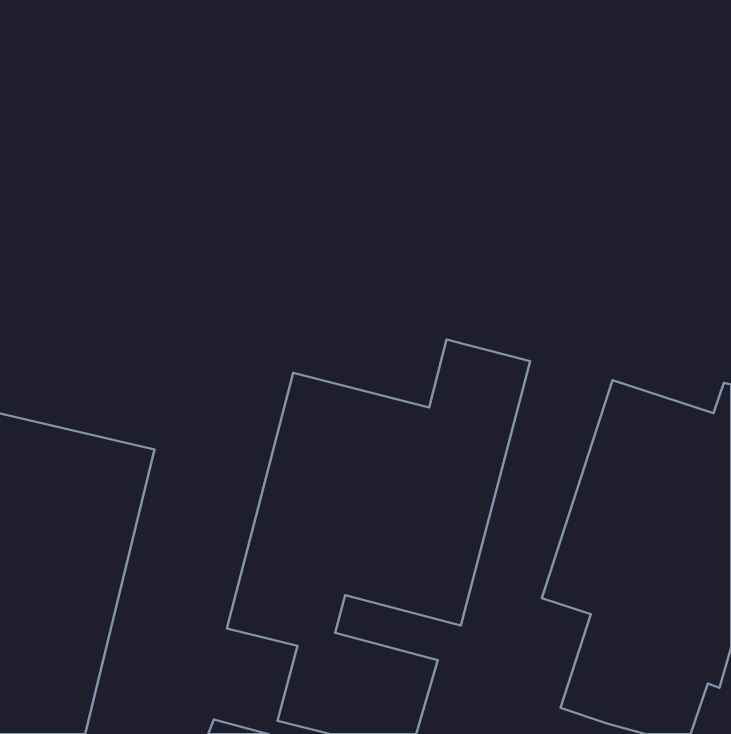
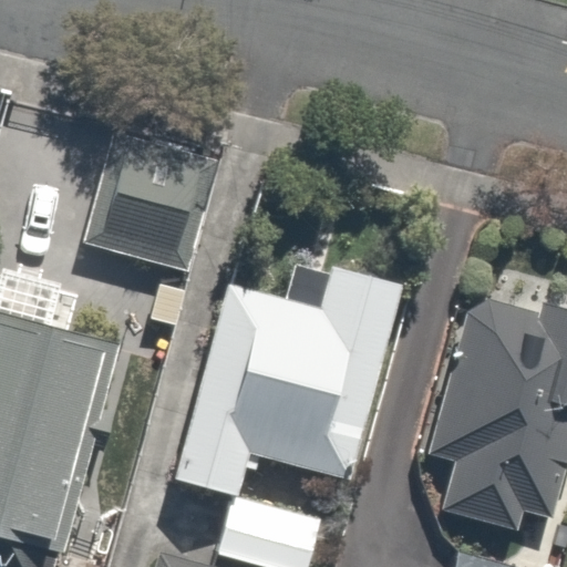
building: none -> [90,126,220,270]

